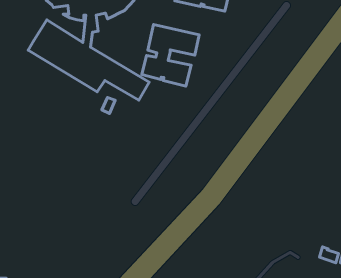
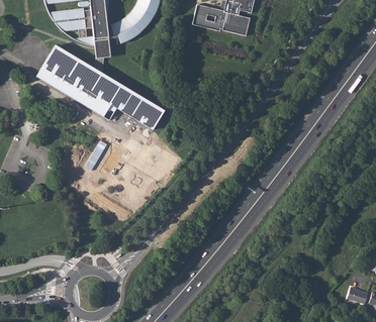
building: [142,25,199,86] -> none

